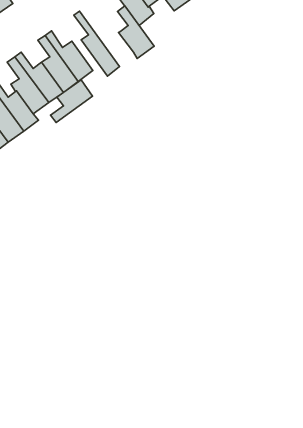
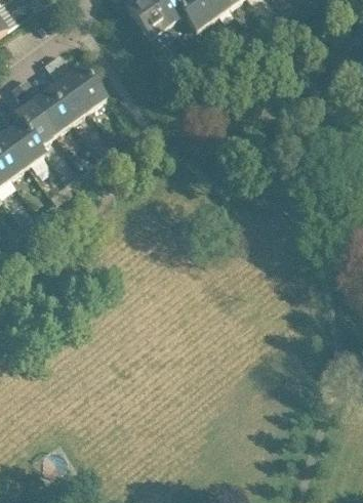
building: [118,6,154,58] -> none
building: [74,11,119,76] -> none
building: [50,80,93,122] -> none

